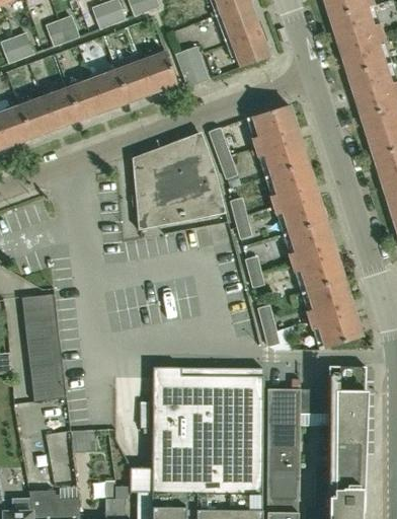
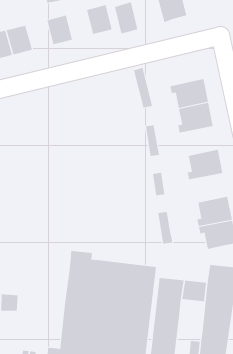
building: [116,62,152,101] -> none
building: [67,80,103,120] -> none
building: [251,104,298,147] -> none
building: [132,135,224,230] -> none
building: [273,192,325,232] -> none
building: [292,249,343,290] -> none

